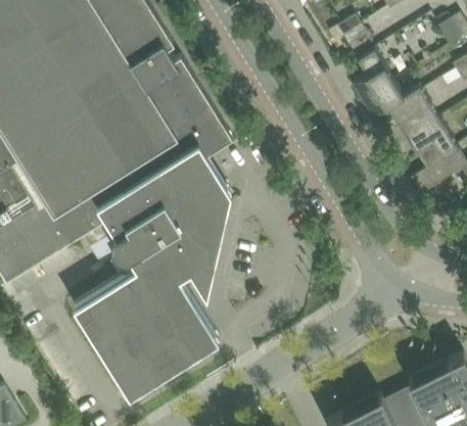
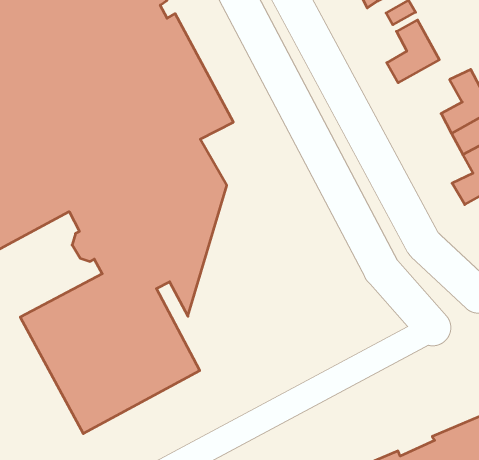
building: [363,83,415,126] -> none

